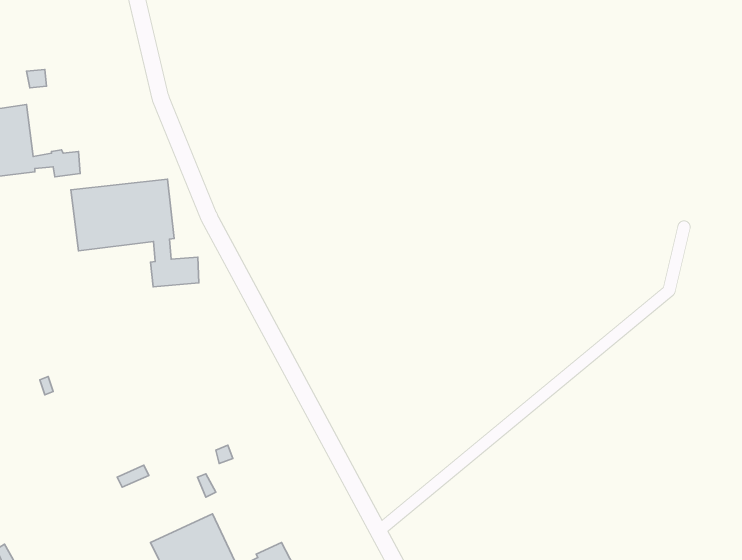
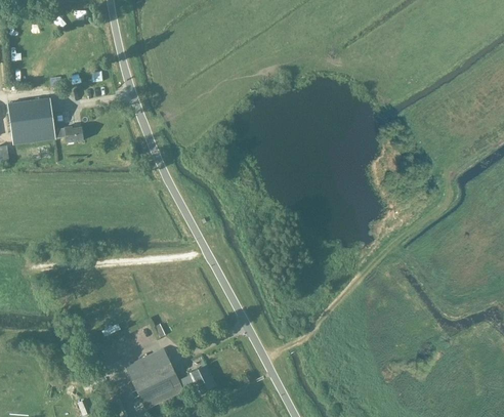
building: [71,179,199,287] -> none

